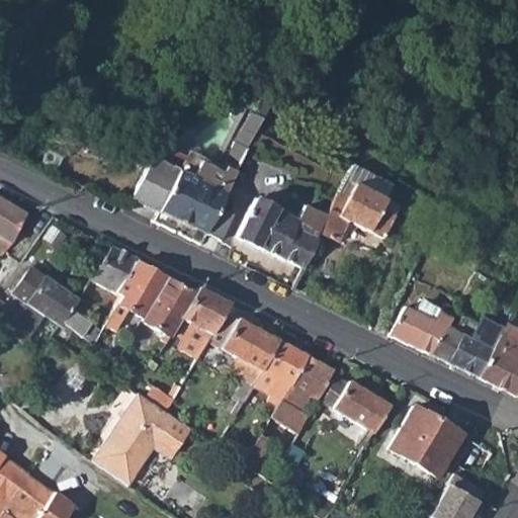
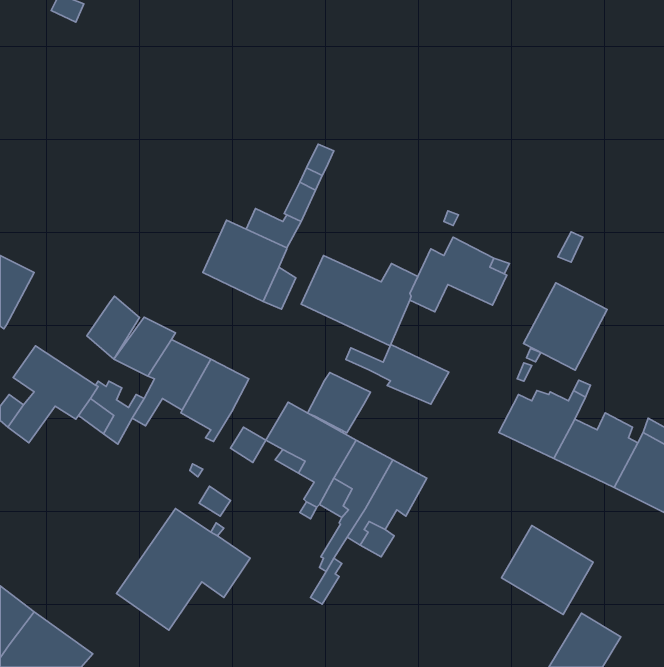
building: [134,158,179,210] -> none
building: none -> [524,283,607,370]
building: none -> [87,296,139,359]
building: none -> [346,344,449,404]
building: [183,286,232,333] -> [308,373,370,433]
building: [324,374,391,449] -> none

